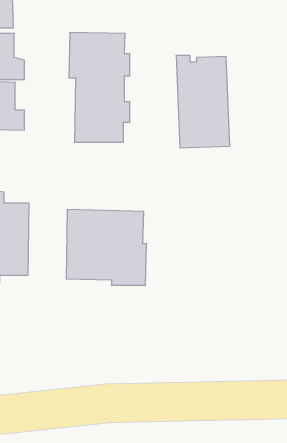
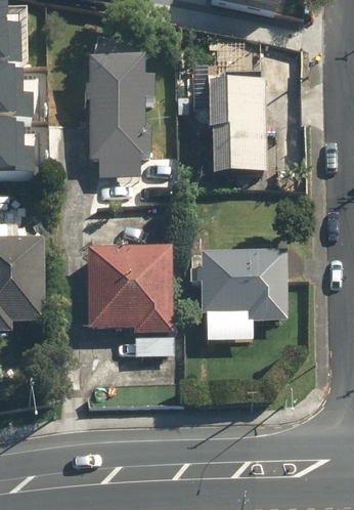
building: none -> [189,251,285,318]

